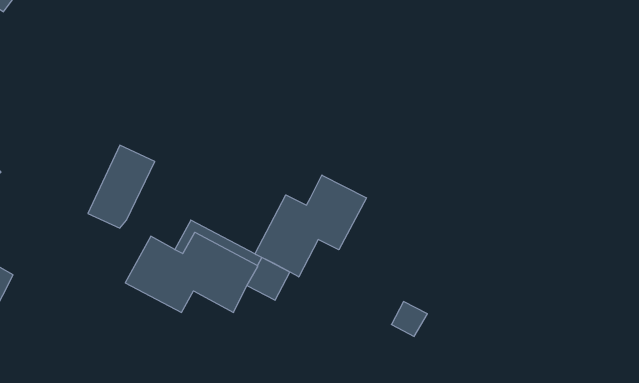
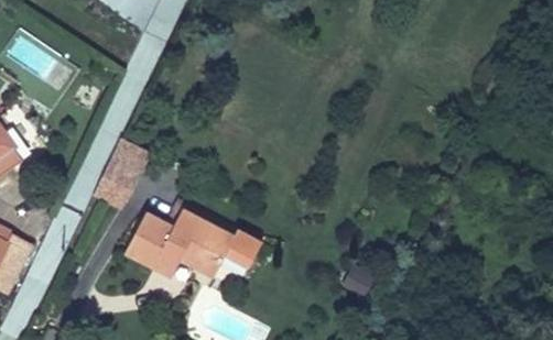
building: [255,175,366,277] -> none

